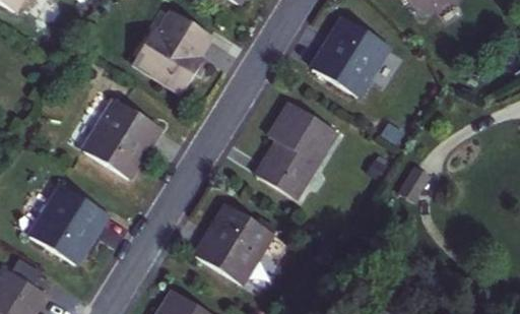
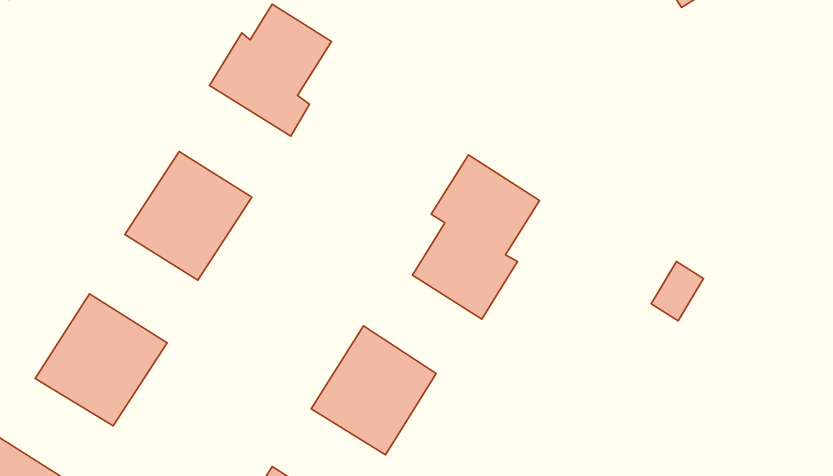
building: [312,16,389,96] -> none

